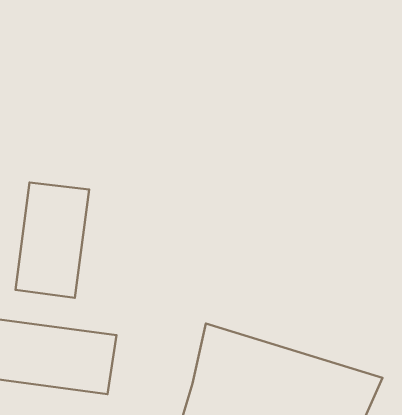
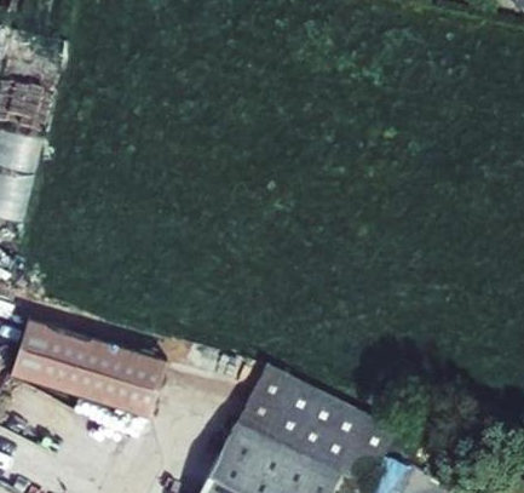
building: [16,182,89,298] -> none

